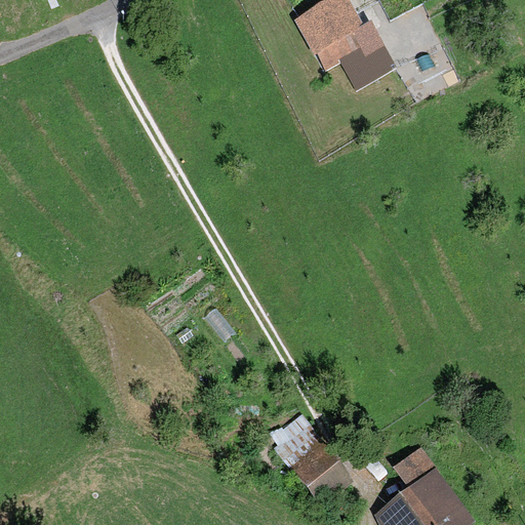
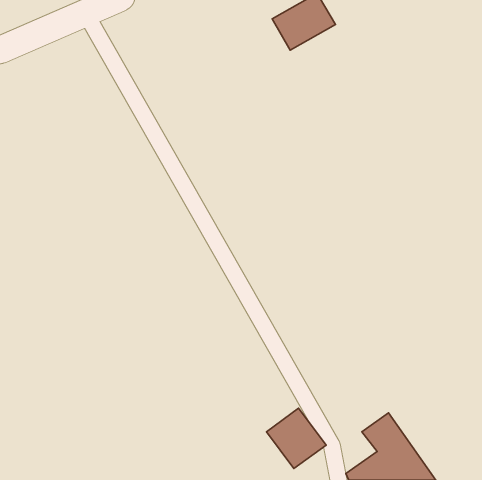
building: [315,23,396,90] -> none
building: [272,413,324,469] -> none

